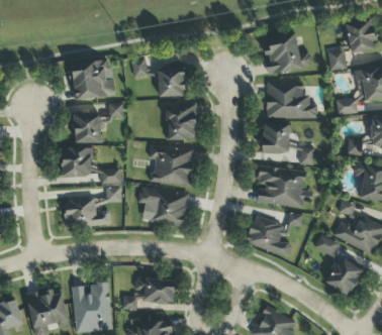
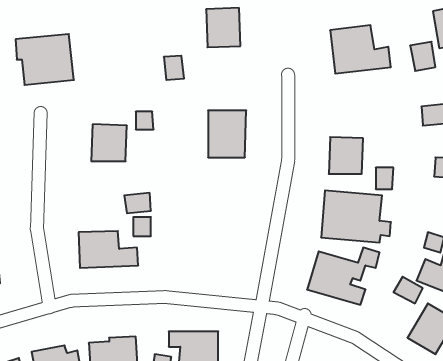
building: [68,59,114,99] -> [16,34,74,85]
building: [158,66,185,97] -> [206,8,240,47]
building: [267,83,317,118] -> none
building: [150,145,193,184] -> none
building: [63,146,92,177] -> none
building: [138,188,188,226] -> none

